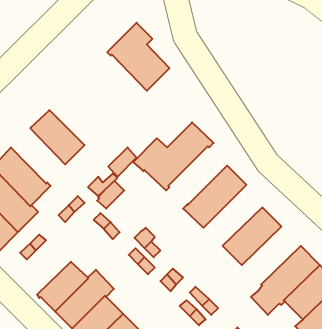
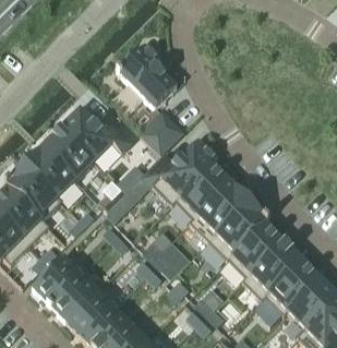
building: none -> [61,107,133,160]
building: none -> [141,110,184,153]
building: none -> [24,144,76,197]
building: none -> [176,161,232,218]
building: none -> [209,199,269,260]
building: none -> [242,239,303,300]
building: none -> [33,255,82,304]

